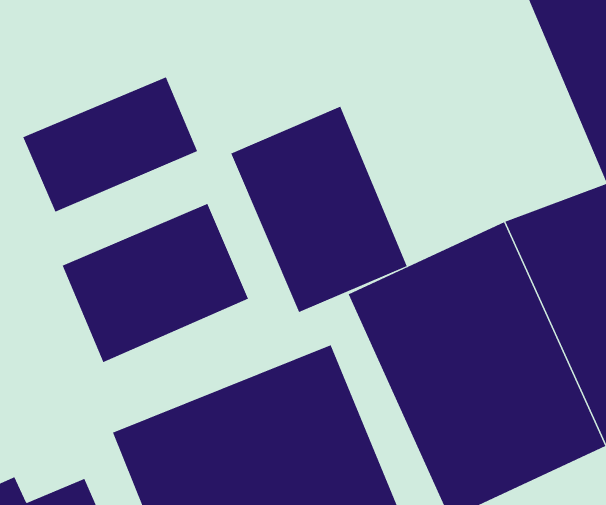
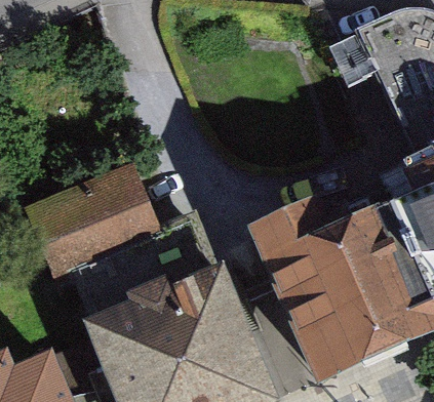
building: [22,77,198,212] -> none
building: [231,106,407,313] -> none

